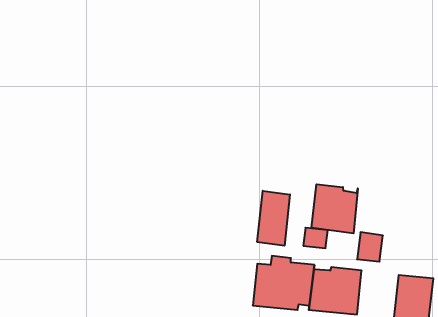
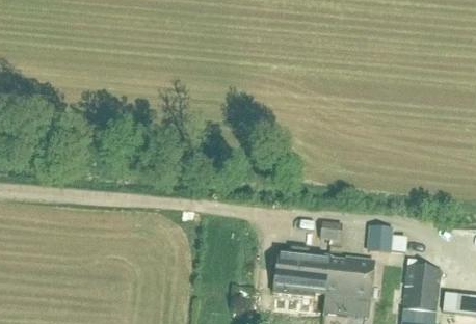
building: [311,184,358,233] -> none
building: [257,191,290,246] -> none

